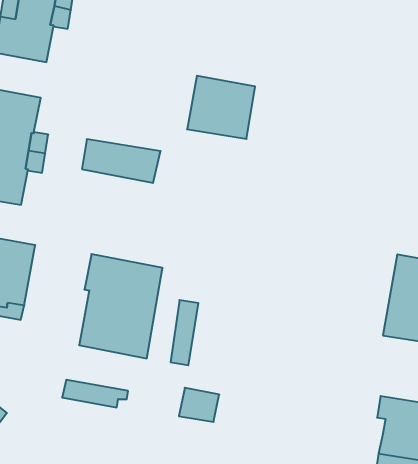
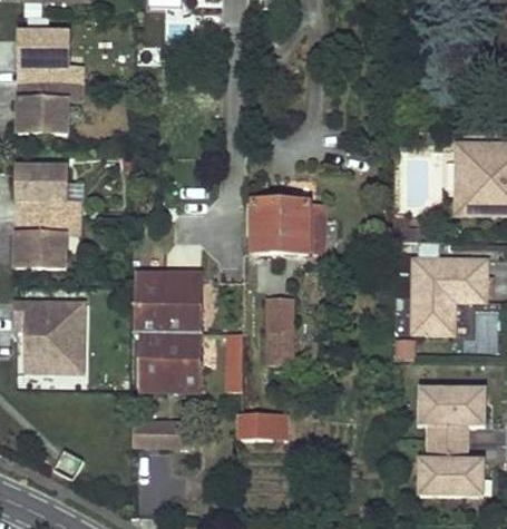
building: [187,76,255,139] -> [254,202,310,252]
building: [82,139,161,183] -> [136,273,205,303]
building: none -> [269,300,292,359]

